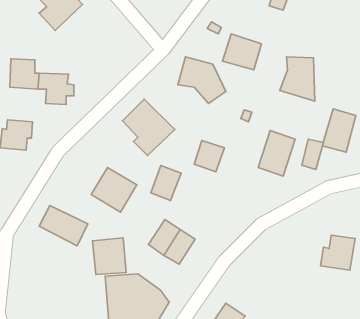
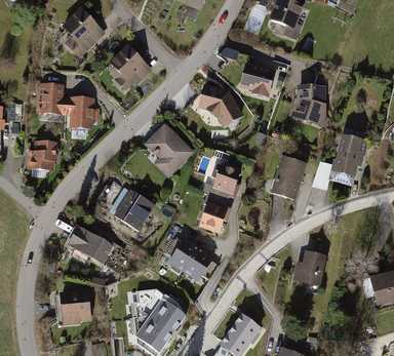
building: none -> [112,49,152,93]
building: [151,166,181,200] -> [199,199,228,232]
building: [320,235,355,270] -> [293,249,326,282]
building: [93,238,126,275] -> [58,287,90,322]

